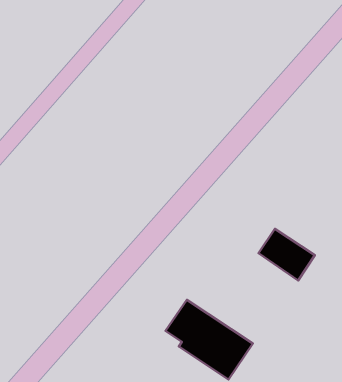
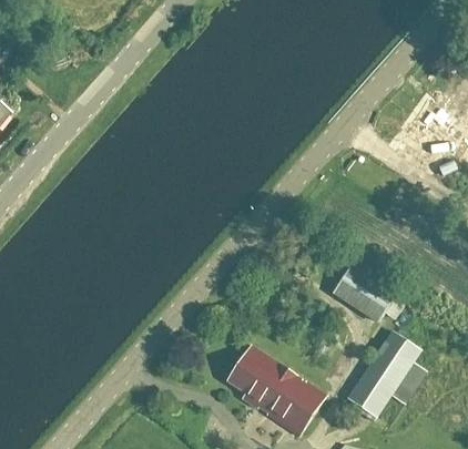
building: none -> [347,331,420,418]

